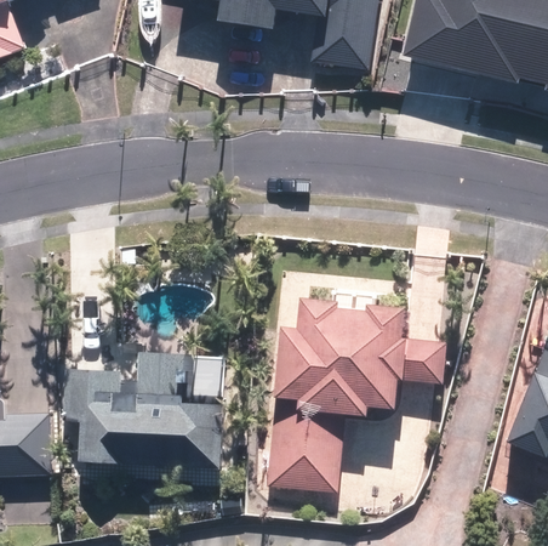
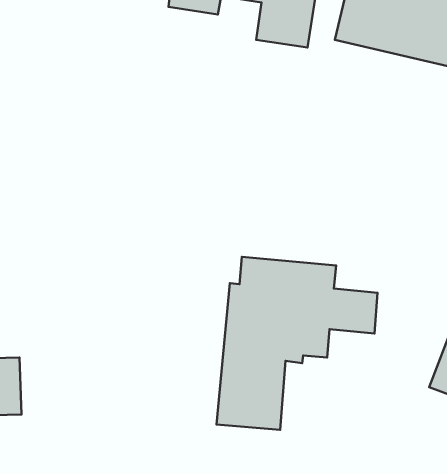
building: [65,349,224,468] -> none

